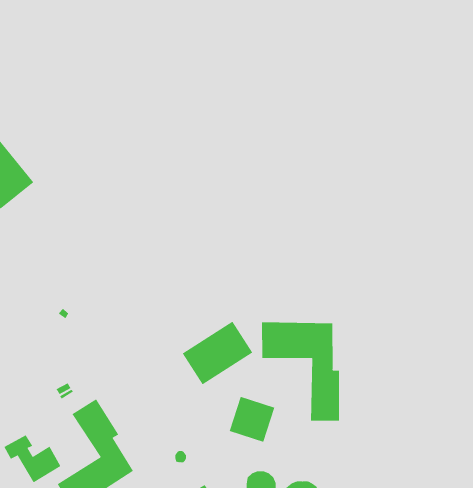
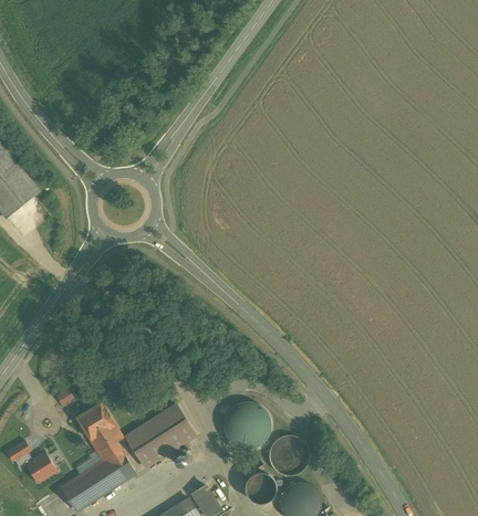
building: [182,321,253,385] -> [125,404,195,467]
building: [261,322,340,421] -> none
building: none -> [268,435,309,475]

